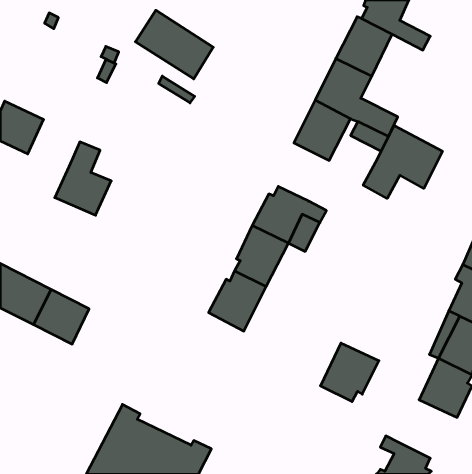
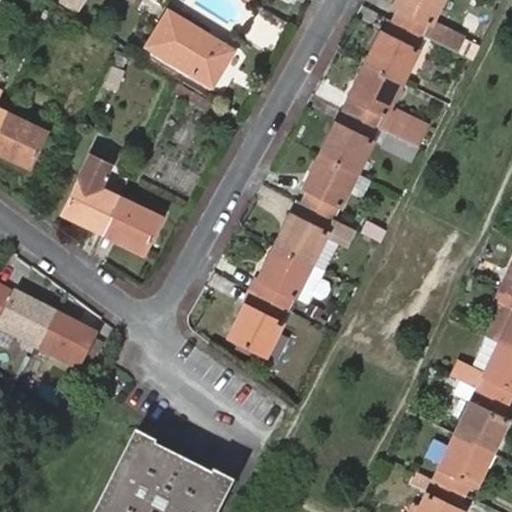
building: [363,125,442,198] -> none
building: none -> [302,154,357,217]
building: none -> [105,195,163,251]
building: [320,343,379,402] -> [432,431,495,494]

